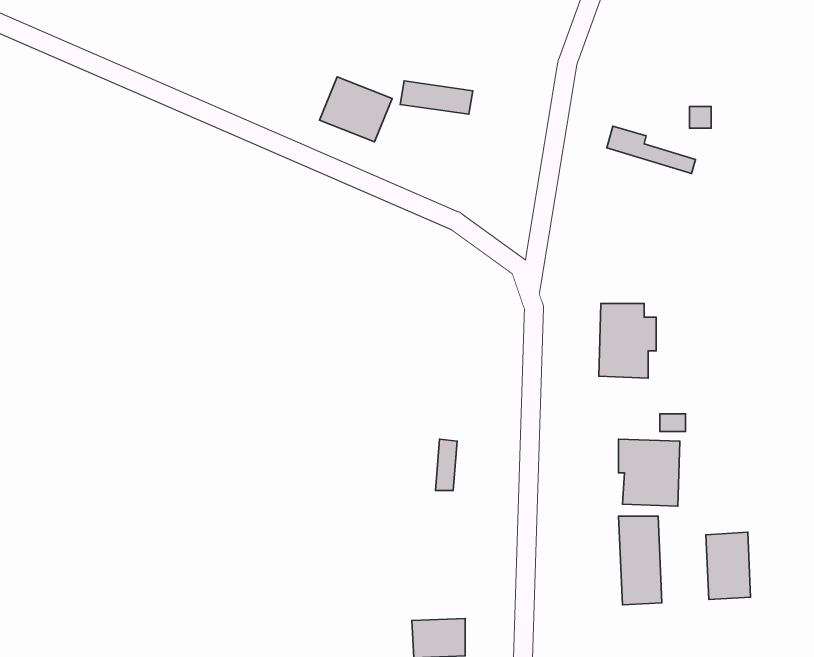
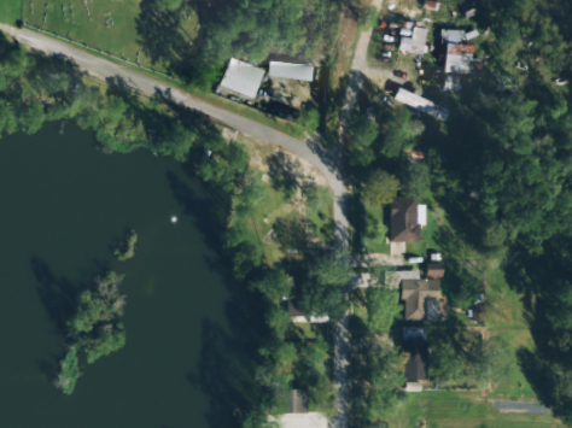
building: none -> [398,27,427,54]
building: none -> [442,29,481,74]
building: [706,532,751,600] -> none

